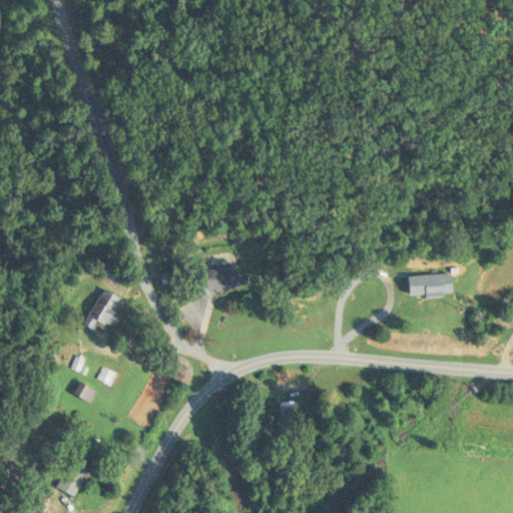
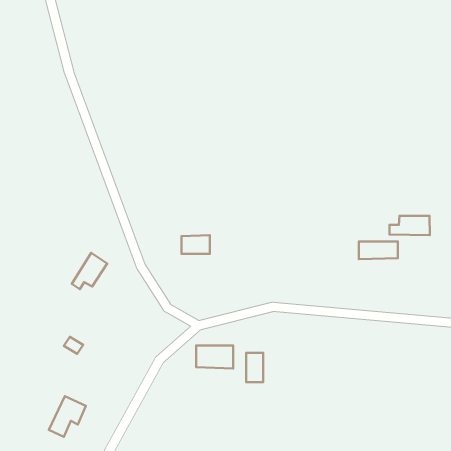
building: none -> [390,216,430,235]
building: none -> [196,346,233,368]

